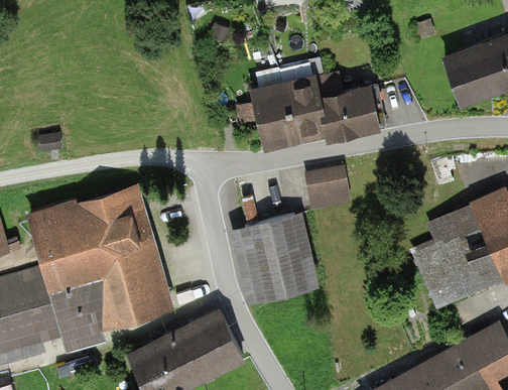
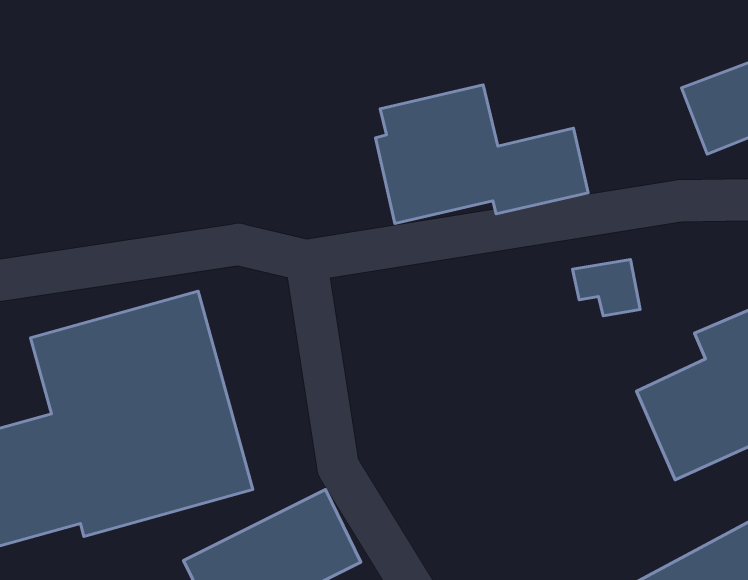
building: [304,168,347,204] -> [573,260,640,316]
building: [235,213,325,301] -> none

